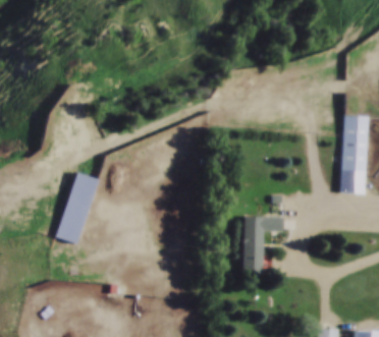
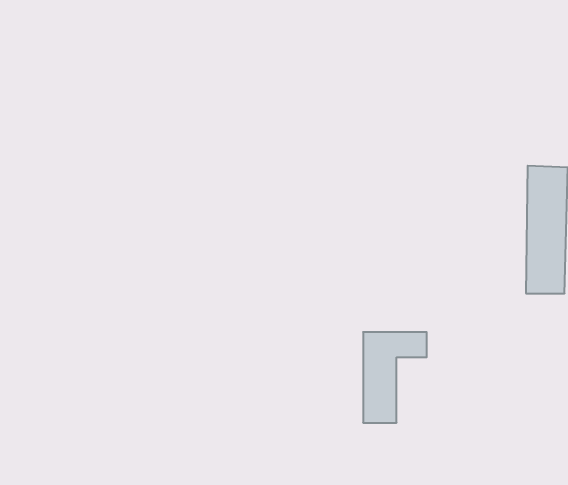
building: [54,172,96,243] -> none

